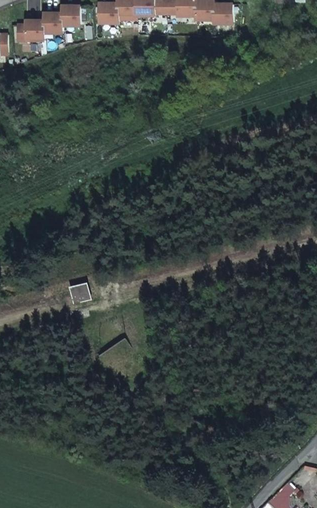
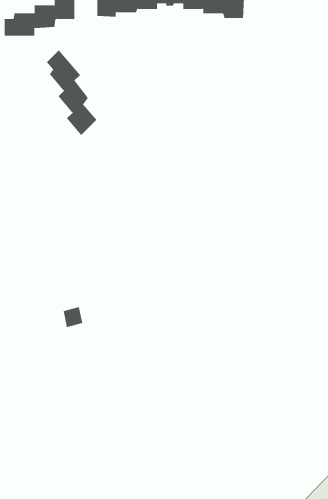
building: none -> [46,49,97,136]

